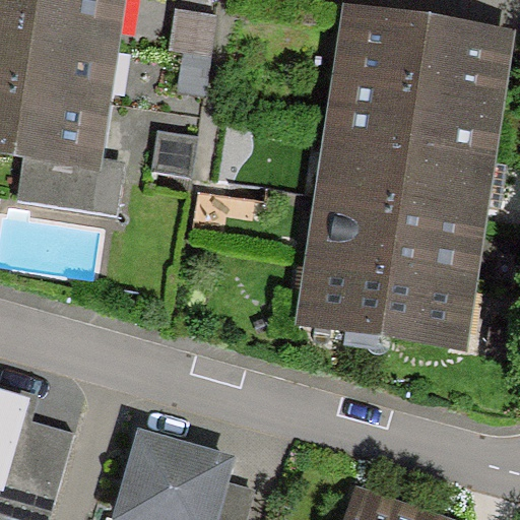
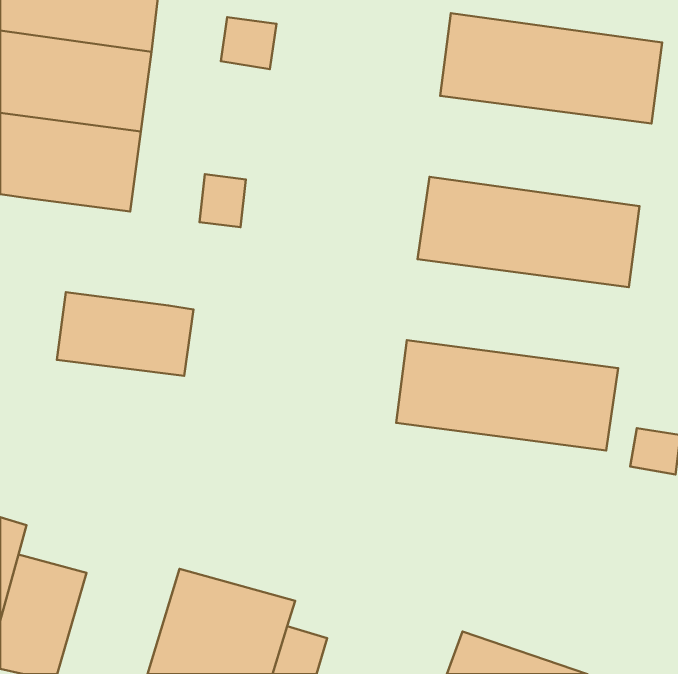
building: [329,73,499,157] -> none
building: [15,151,120,215] -> [57,292,194,376]
building: [312,198,481,281] -> none

